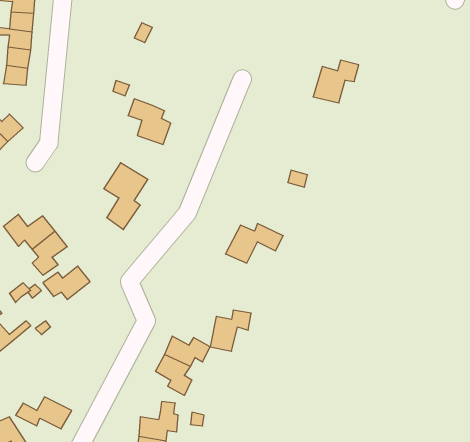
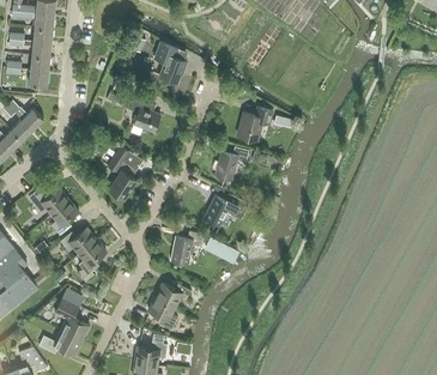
building: none -> [154,42,187,83]
building: [313,60,359,103] -> [237,107,273,140]
building: none -> [214,147,249,180]
building: none -> [79,240,107,276]
building: [210,310,251,351] -> [171,231,204,264]
building: none -> [55,297,90,341]

